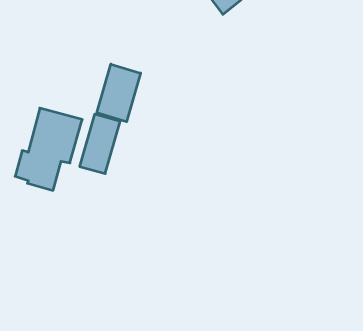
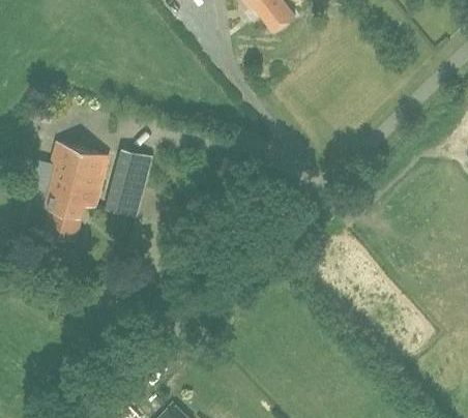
building: [97,64,141,122] -> none

